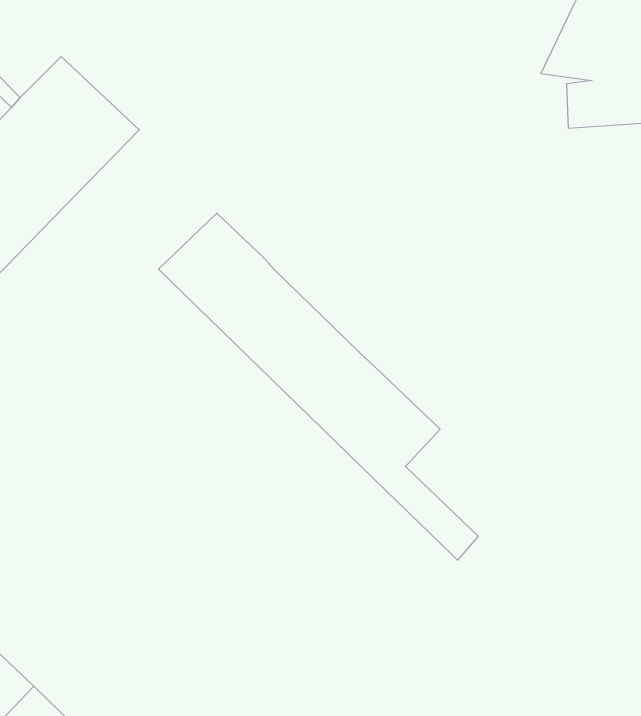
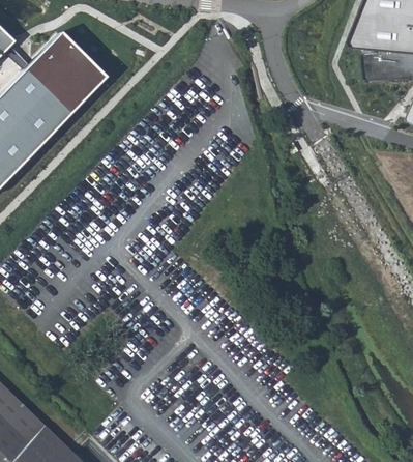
building: [159,213,478,560] -> none

